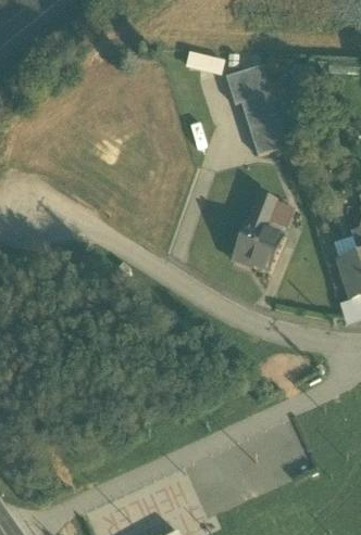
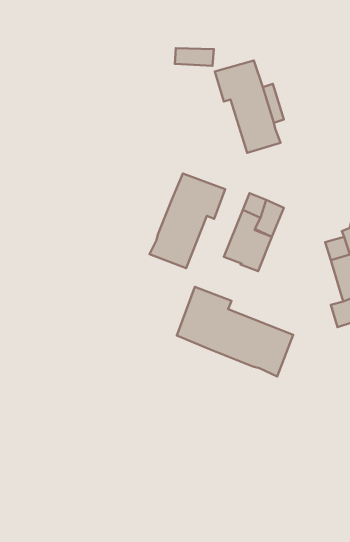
building: none -> [150,173,225,268]
building: none -> [177,287,293,377]

